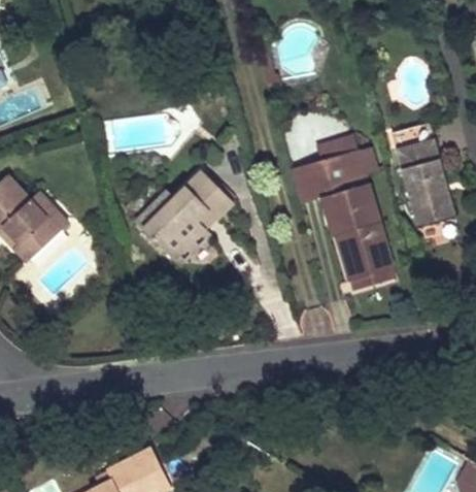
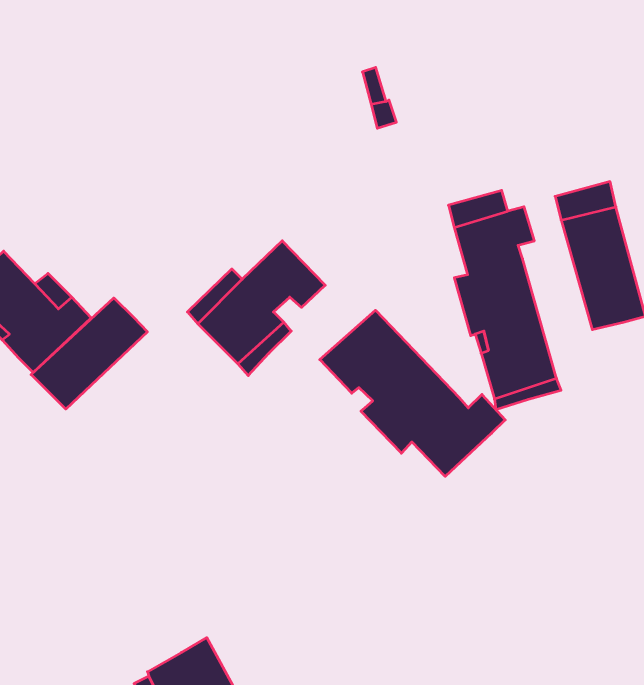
building: [290,161,331,203] -> none
building: none -> [31,298,147,409]
building: none -> [320,310,505,476]

